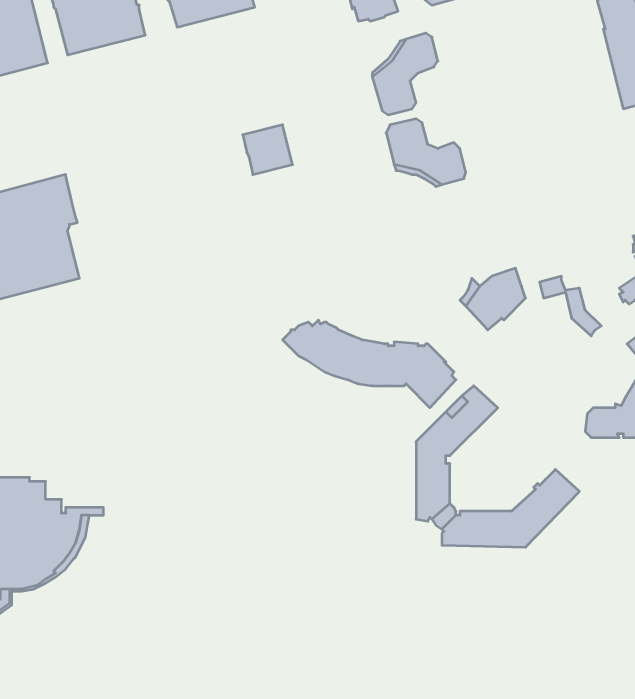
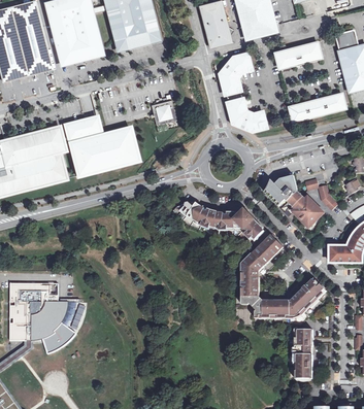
building: none -> [274,42,322,69]
building: none -> [289,93,345,122]
building: none -> [63,116,138,176]
building: none -> [287,190,323,226]
building: none -> [43,323,76,353]
building: none -> [289,325,312,378]

